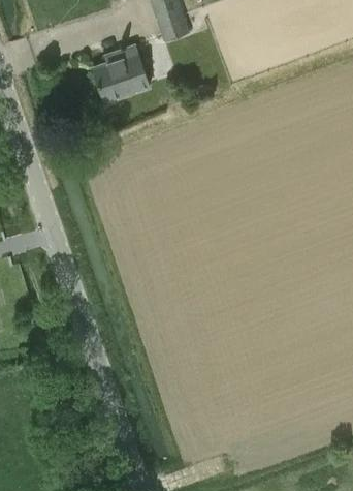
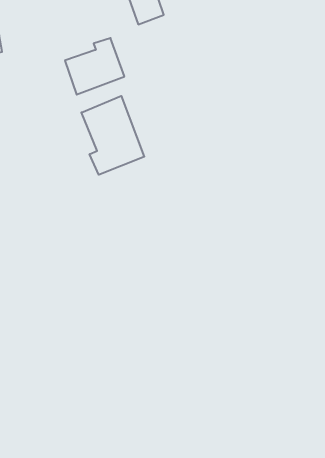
building: none -> [81,96,144,175]

